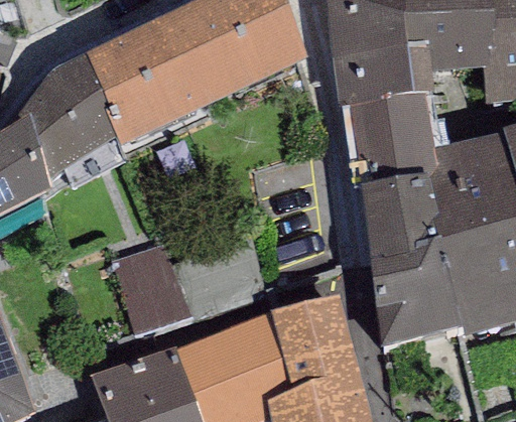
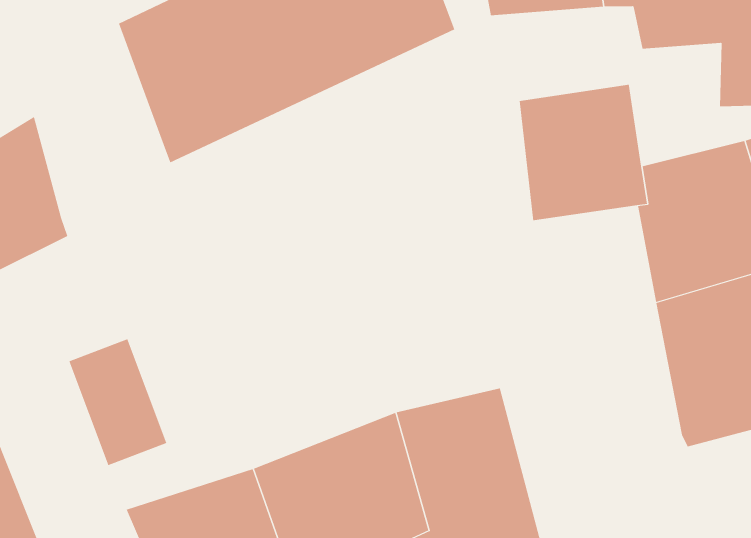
building: [331,41,433,106] -> none
building: [28,52,115,181] -> none
building: [359,173,458,345] -> none
building: [132,249,198,333] -> [68,338,167,466]

